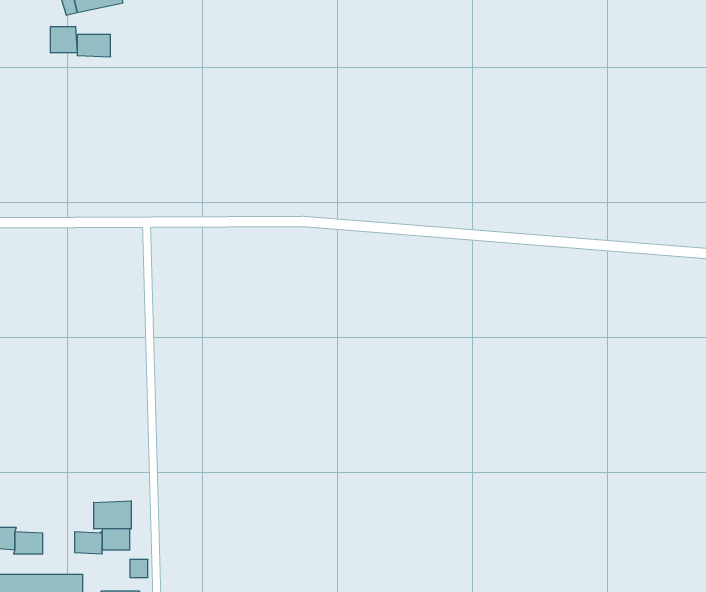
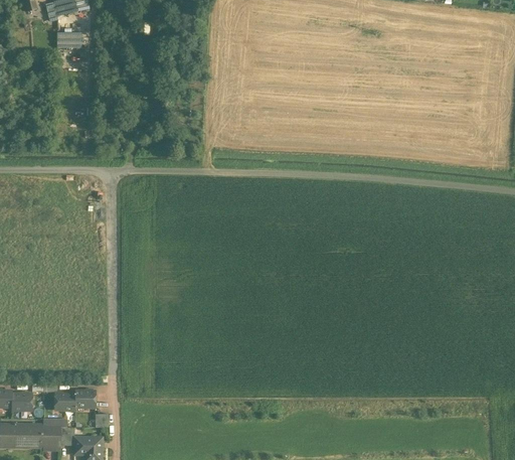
building: [51,26,77,53] -> none
building: [94,501,131,529] -> none

